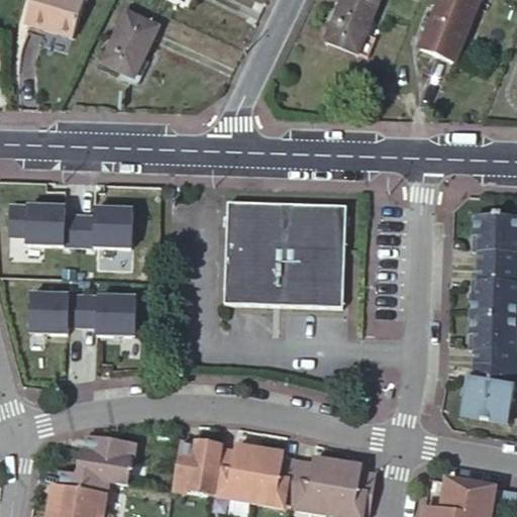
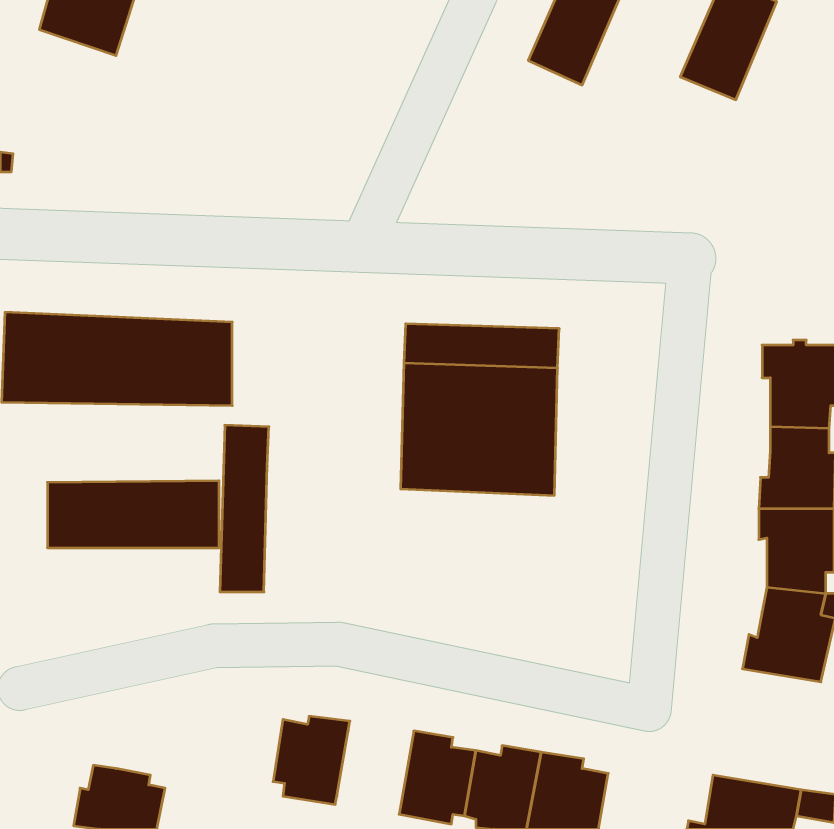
building: [105,8,161,75] -> none
building: [221,199,251,302] -> [220,425,269,592]
building: [73,436,129,484] -> none
building: [209,448,256,503] -> none

